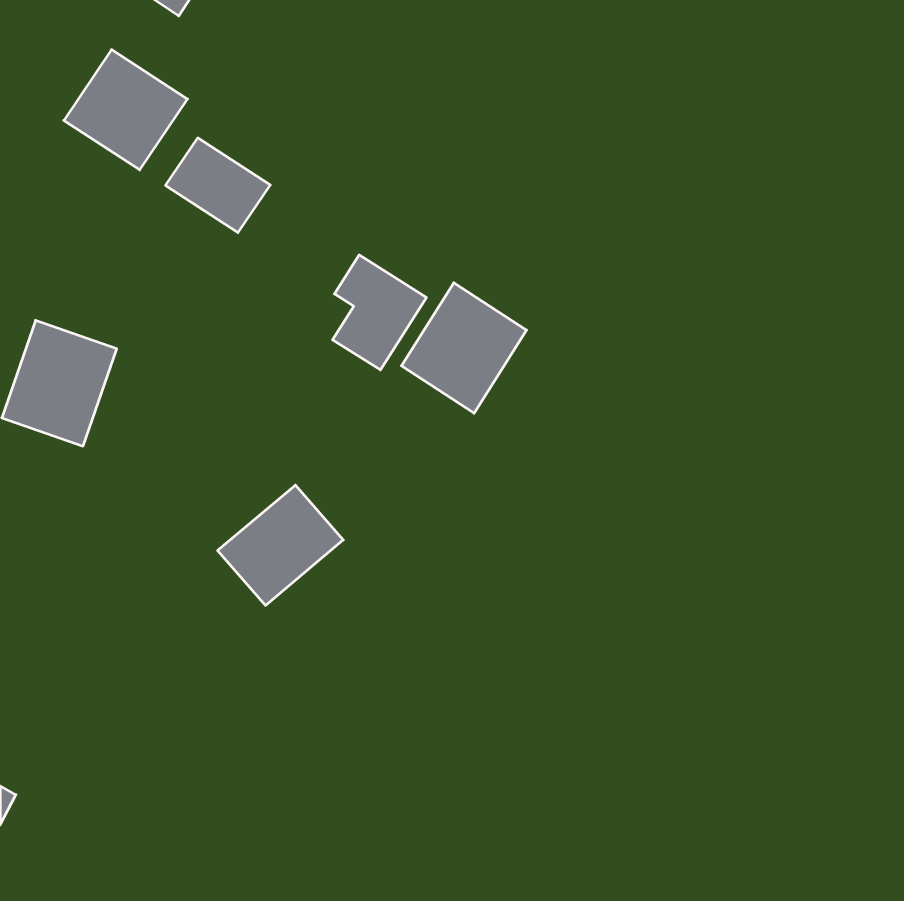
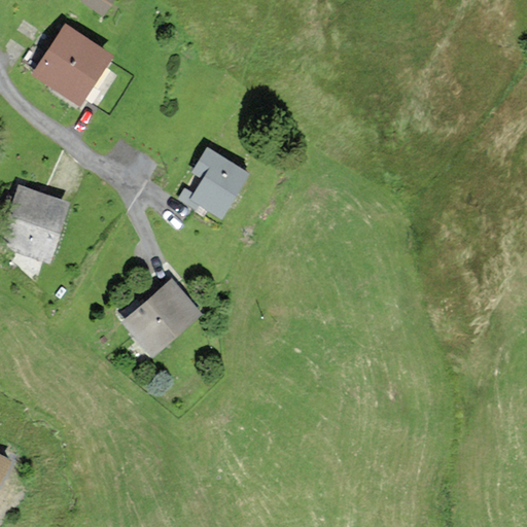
building: [166,138,270,233] -> none
building: [401,283,527,413] -> none

